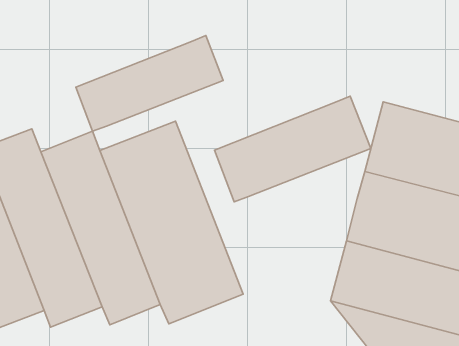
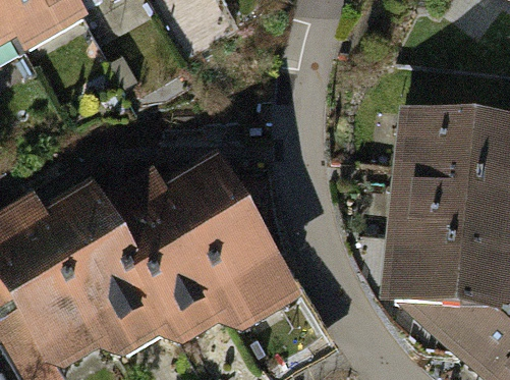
building: [76,36,223,131] -> none
building: [214,96,371,202] -> none

